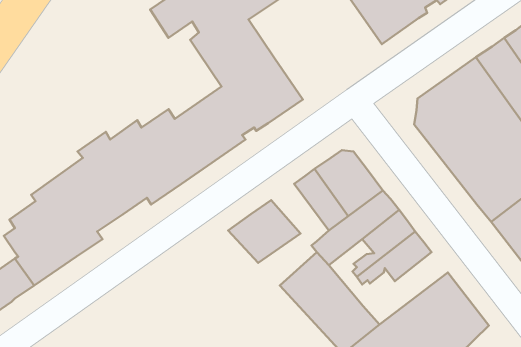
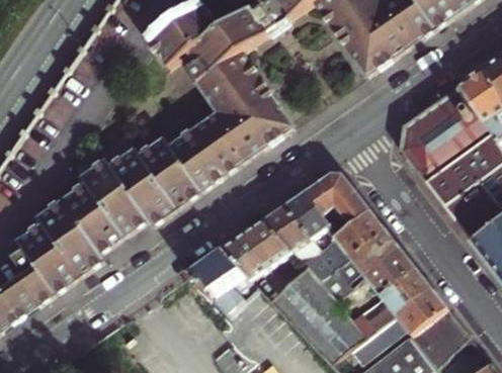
building: none -> [265,203,319,257]
building: none -> [190,247,261,313]
building: none -> [351,267,430,335]

